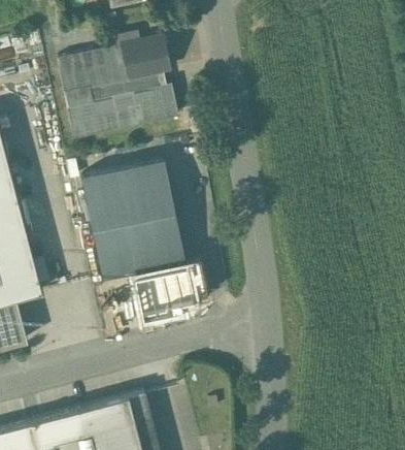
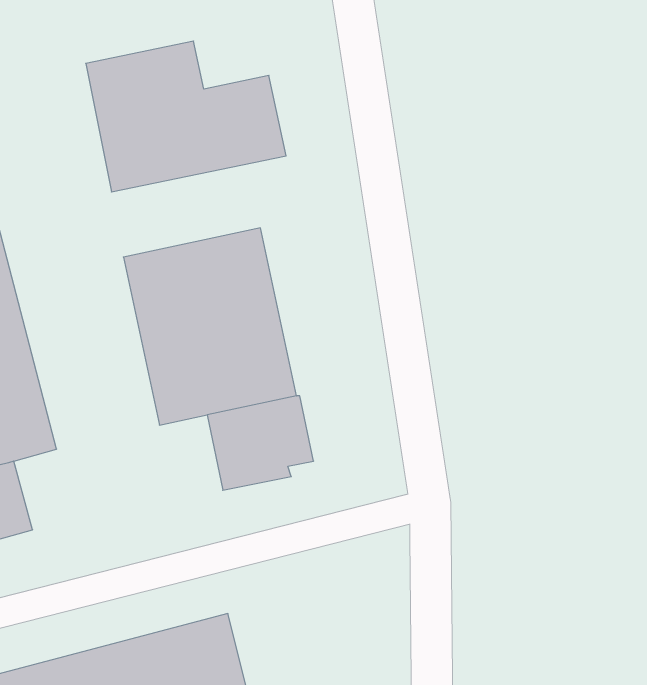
building: [125,39,170,76] -> none

